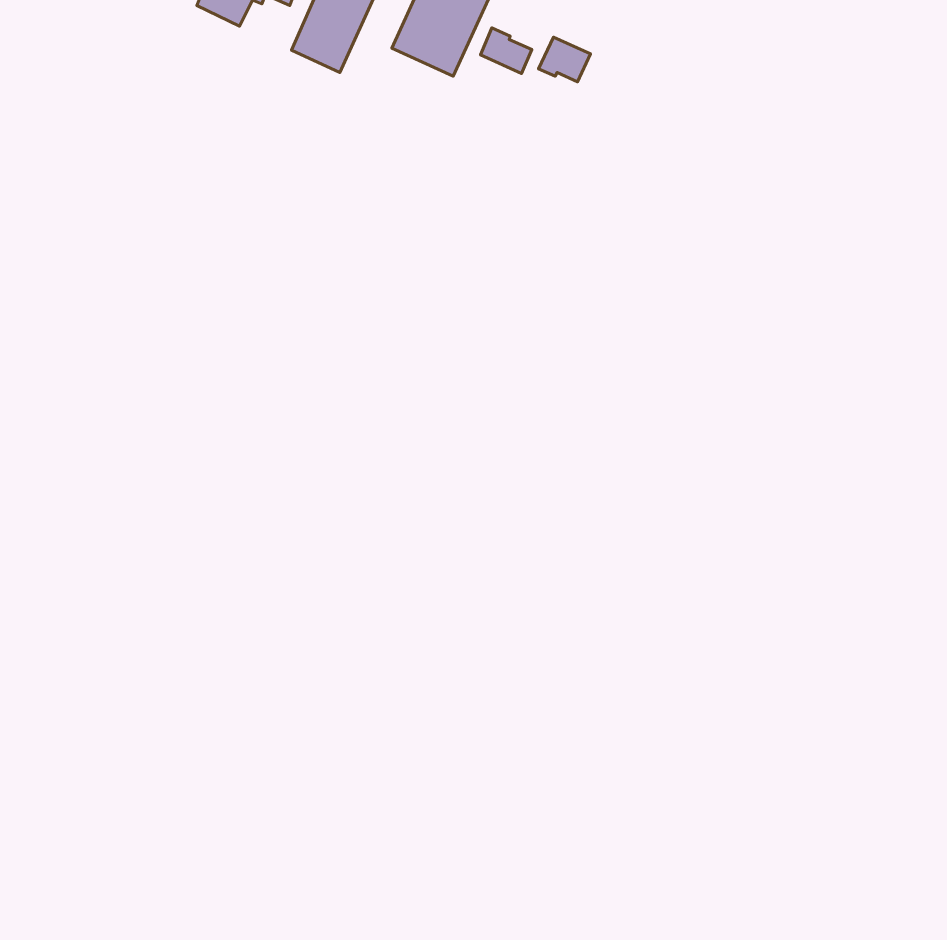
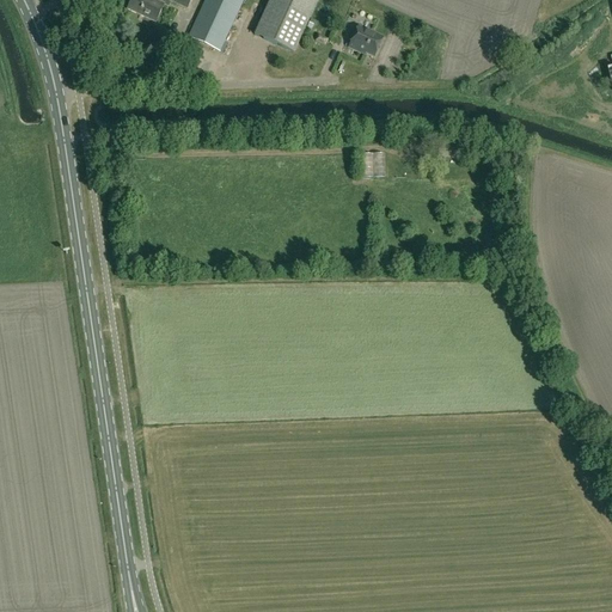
building: [480,28,532,73] -> none

